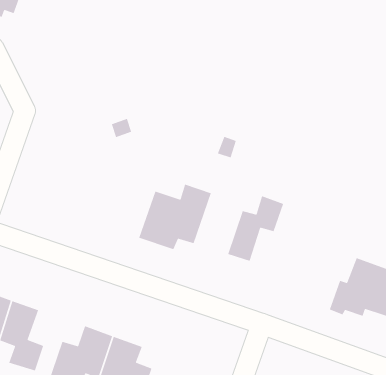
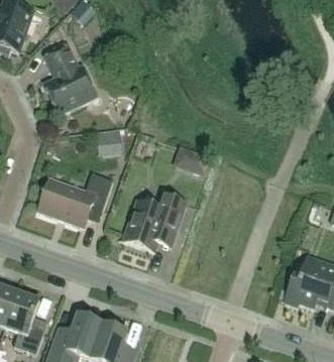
building: none -> [43,43,97,113]
building: none -> [38,171,113,225]
building: [227,195,284,262] -> none

